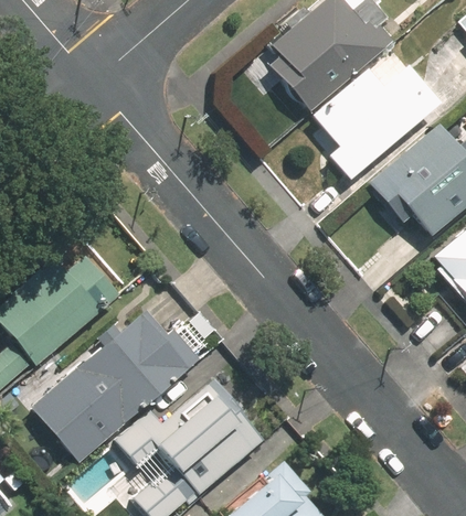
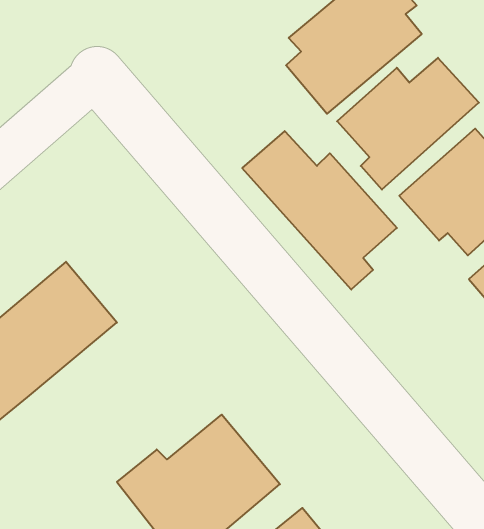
building: none -> [242,131,397,290]
building: [34,304,195,467] -> none

